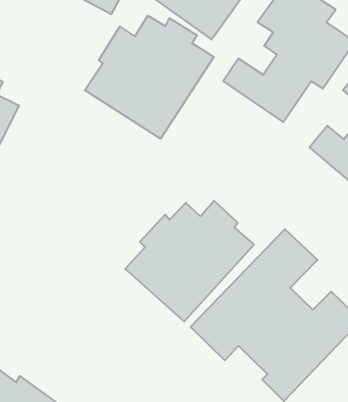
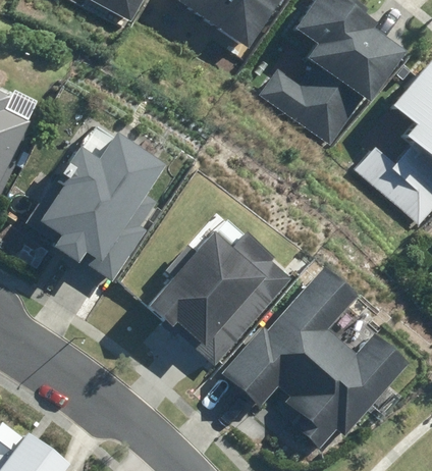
building: [85,16,214,139] -> none
building: none -> [40,133,164,282]

